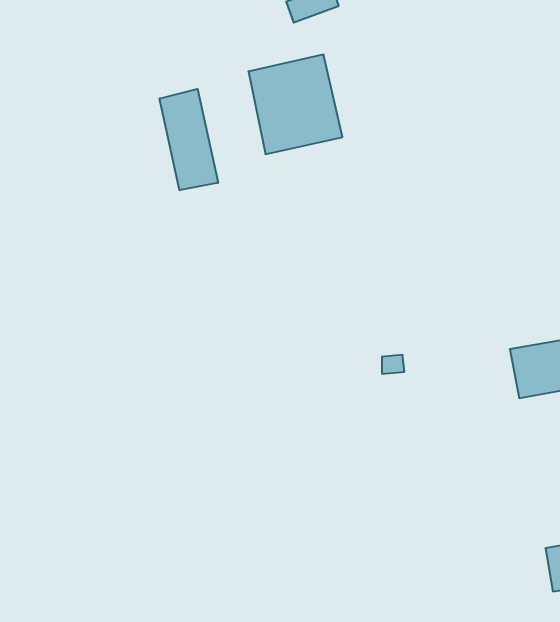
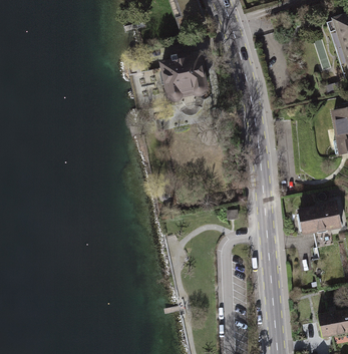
building: [160,89,218,190] -> none

